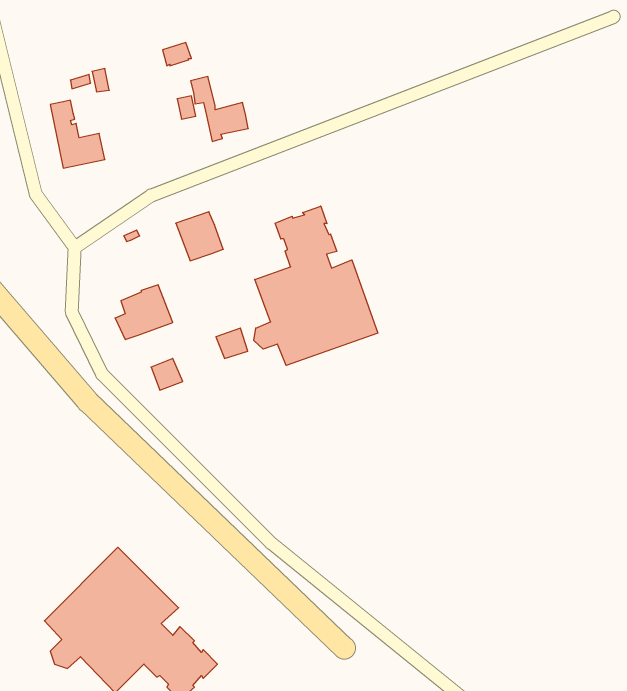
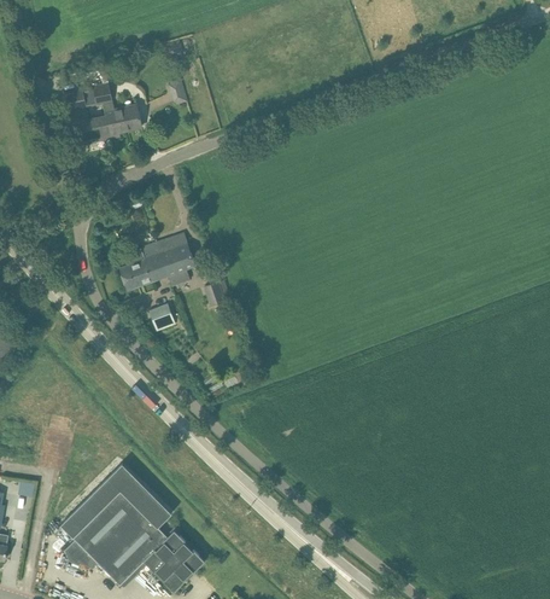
building: [191,77,248,141] -> [92,83,140,138]
building: [254,206,378,365] -> none
building: [176,212,223,261] -> [154,233,194,274]

